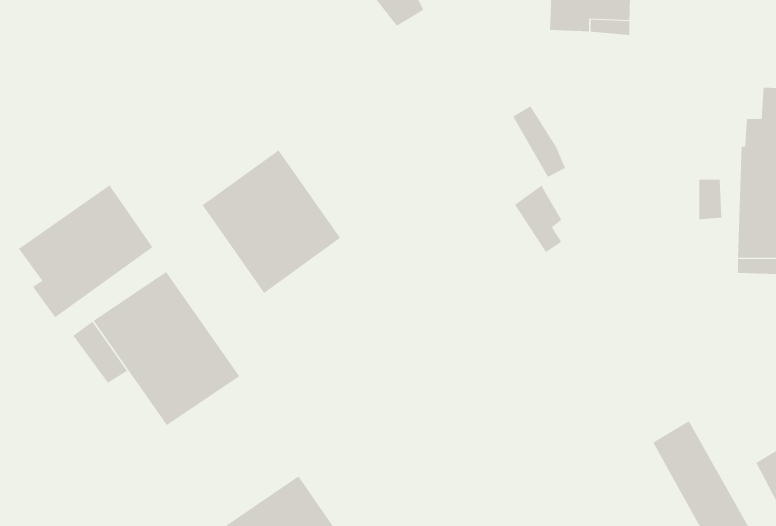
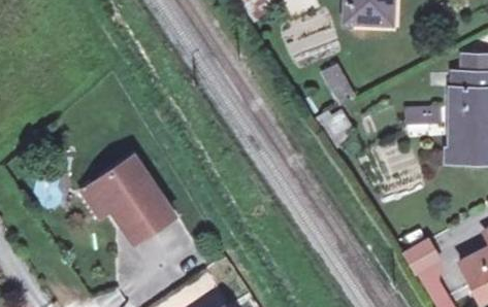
building: [202,149,341,294] -> none
building: [18,185,153,318] -> none

